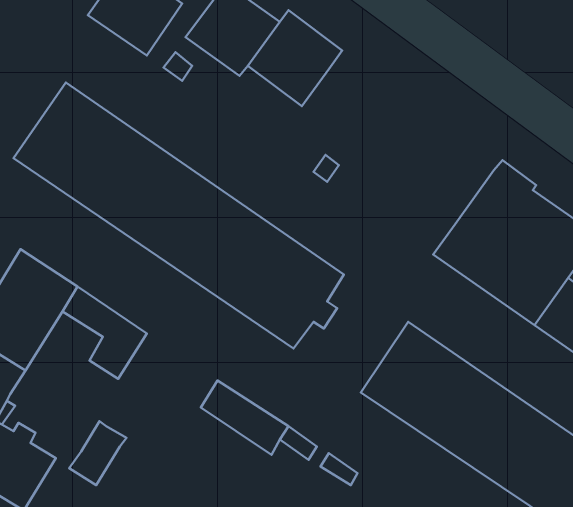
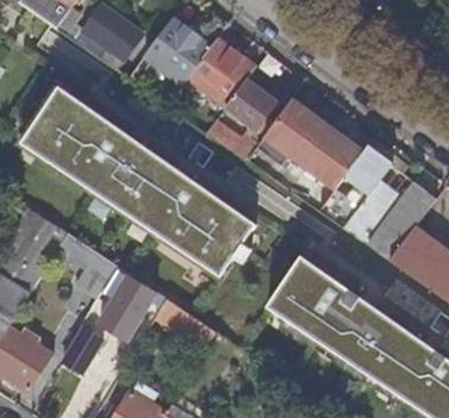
building: none -> [226,79,276,127]
building: none -> [255,98,362,188]
building: none -> [100,275,156,339]

